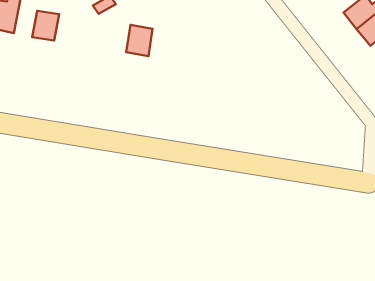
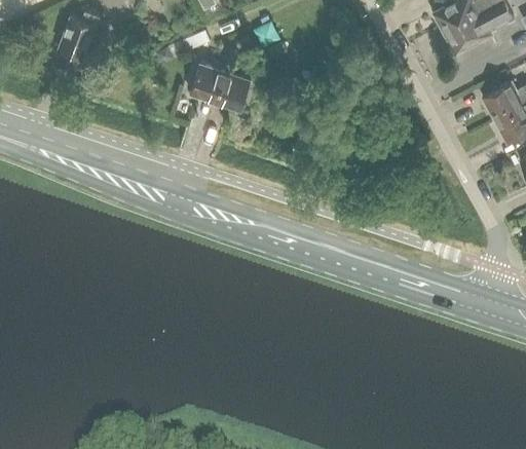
building: [32,11,59,41] -> none
building: none -> [190,61,225,101]

